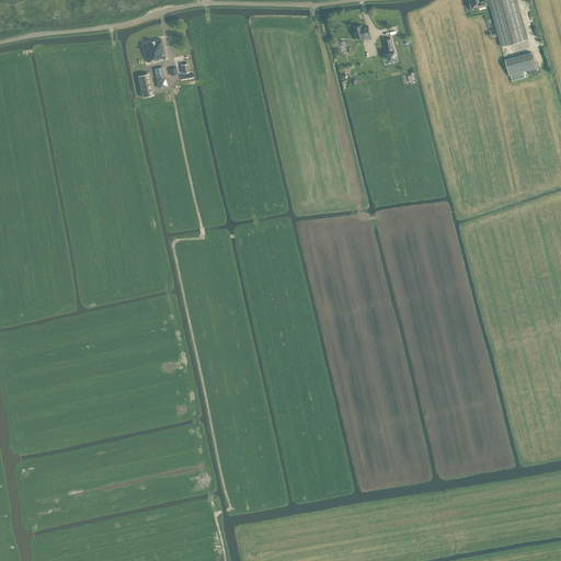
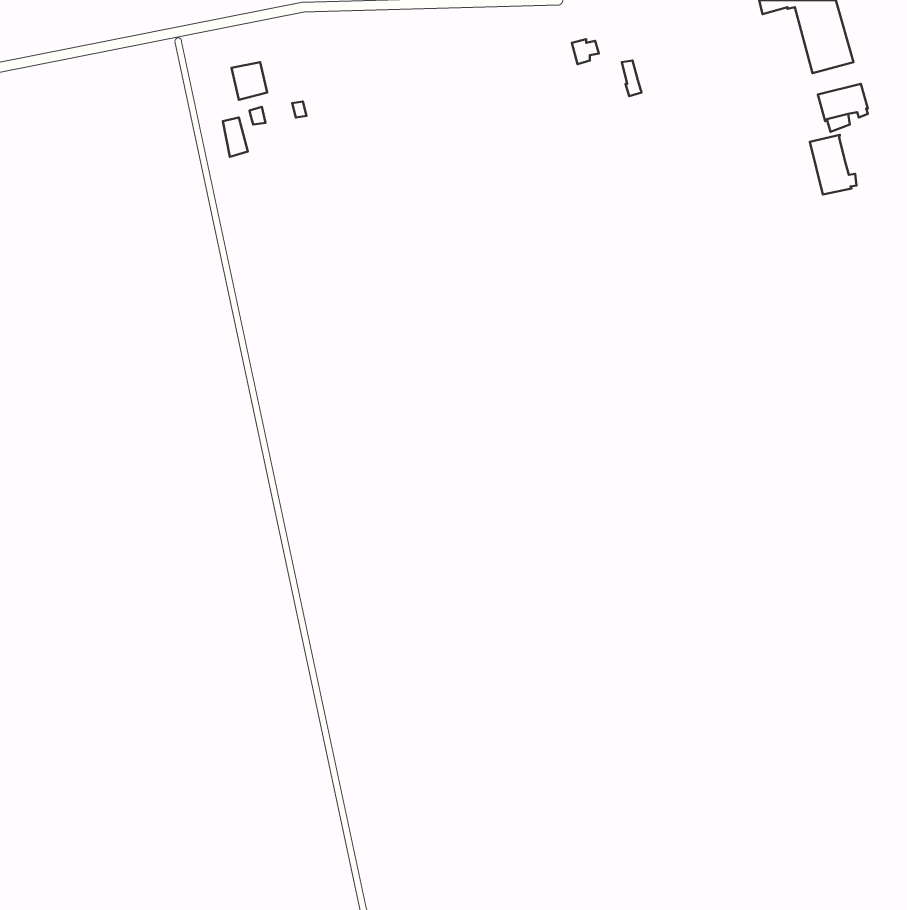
building: none -> [810,135,857,194]

